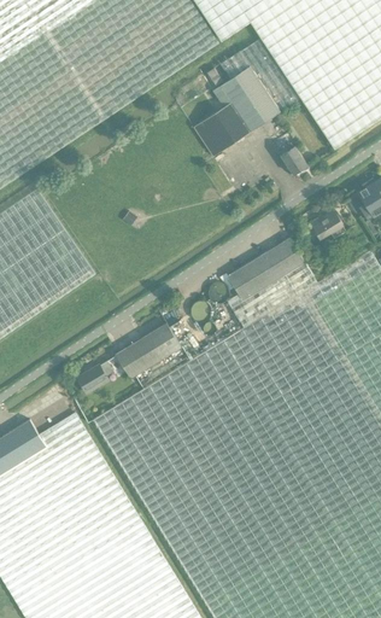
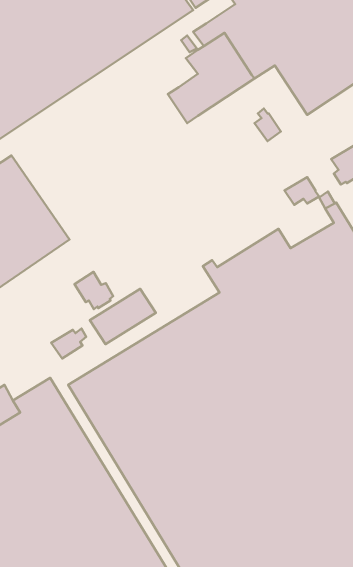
building: [228,237,305,301] -> none
building: none -> [75,272,113,309]

